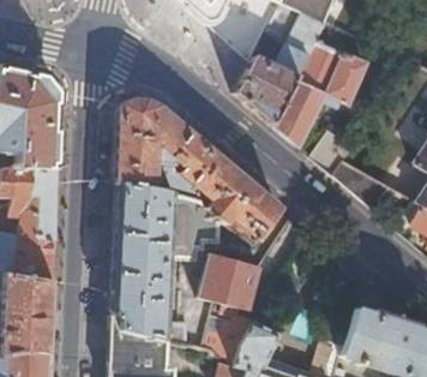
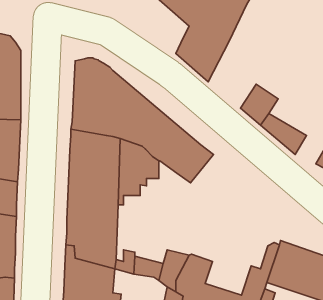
building: [273,37,368,148] -> none
building: [199,255,259,310] -> none

